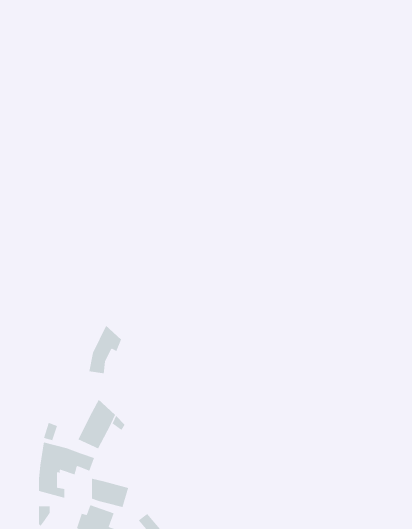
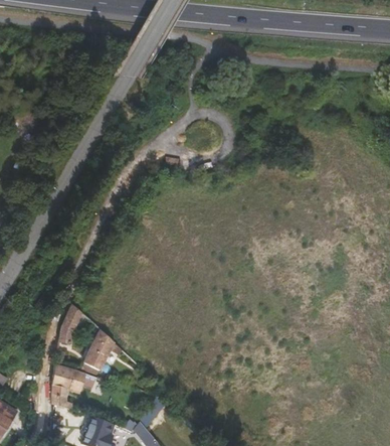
building: [88,325,122,374] -> [57,304,84,344]
building: [92,478,129,508] -> none

